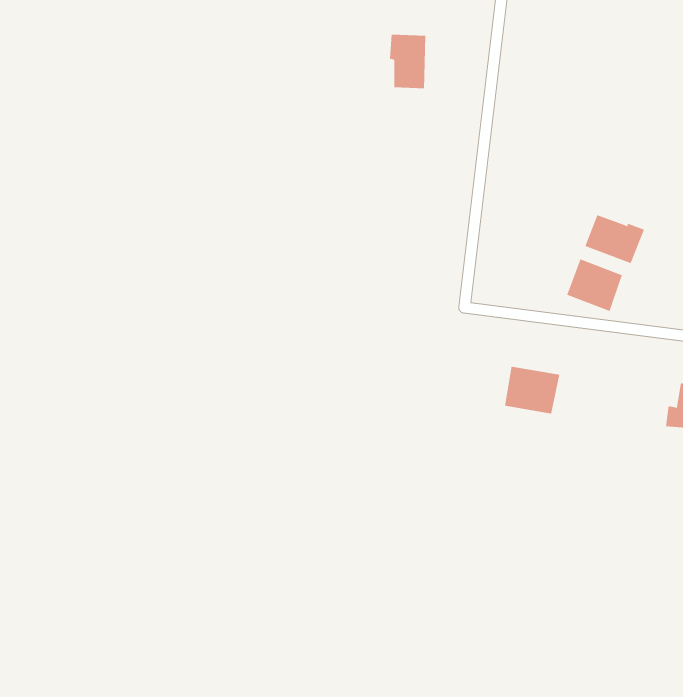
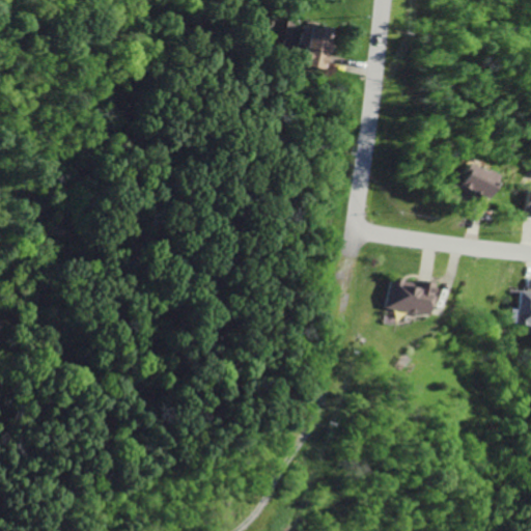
building: [566,259,623,312] -> none

